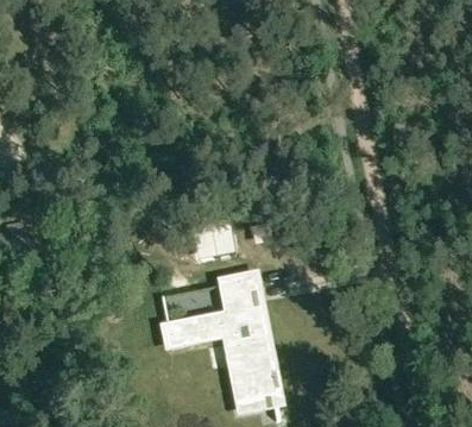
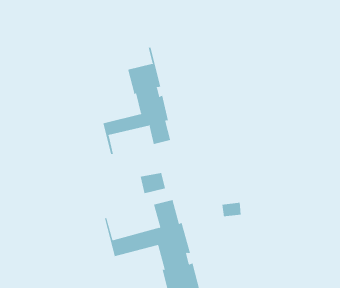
building: none -> [103,47,171,155]

